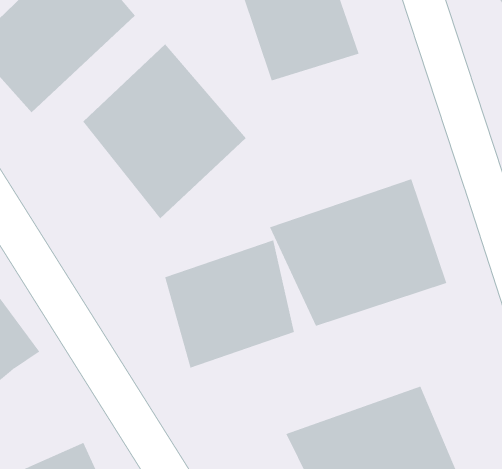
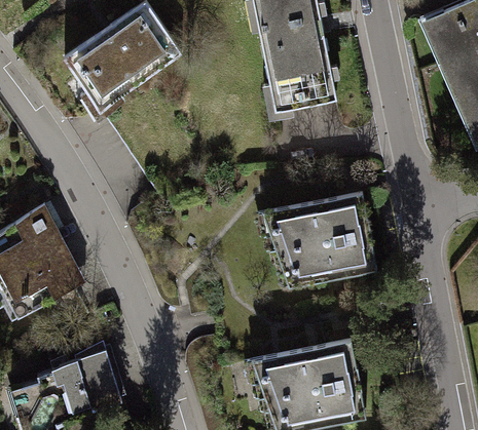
building: [83,44,247,219] -> none
building: [164,240,295,368] -> none

